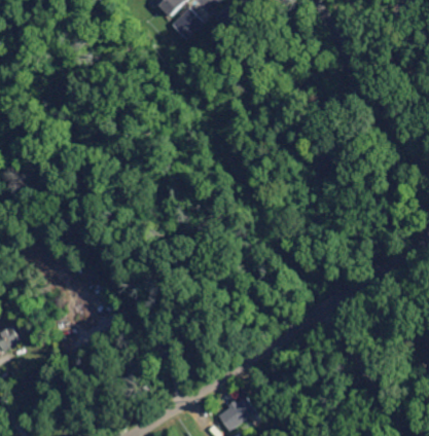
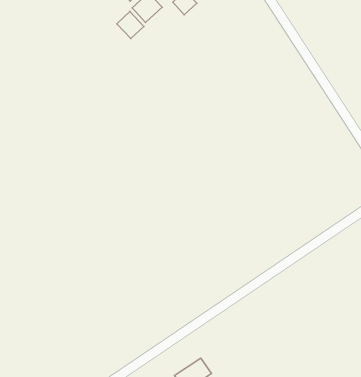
building: none -> [117,12,144,39]

